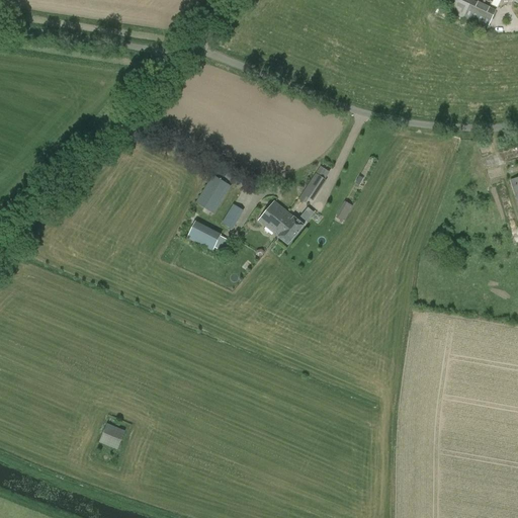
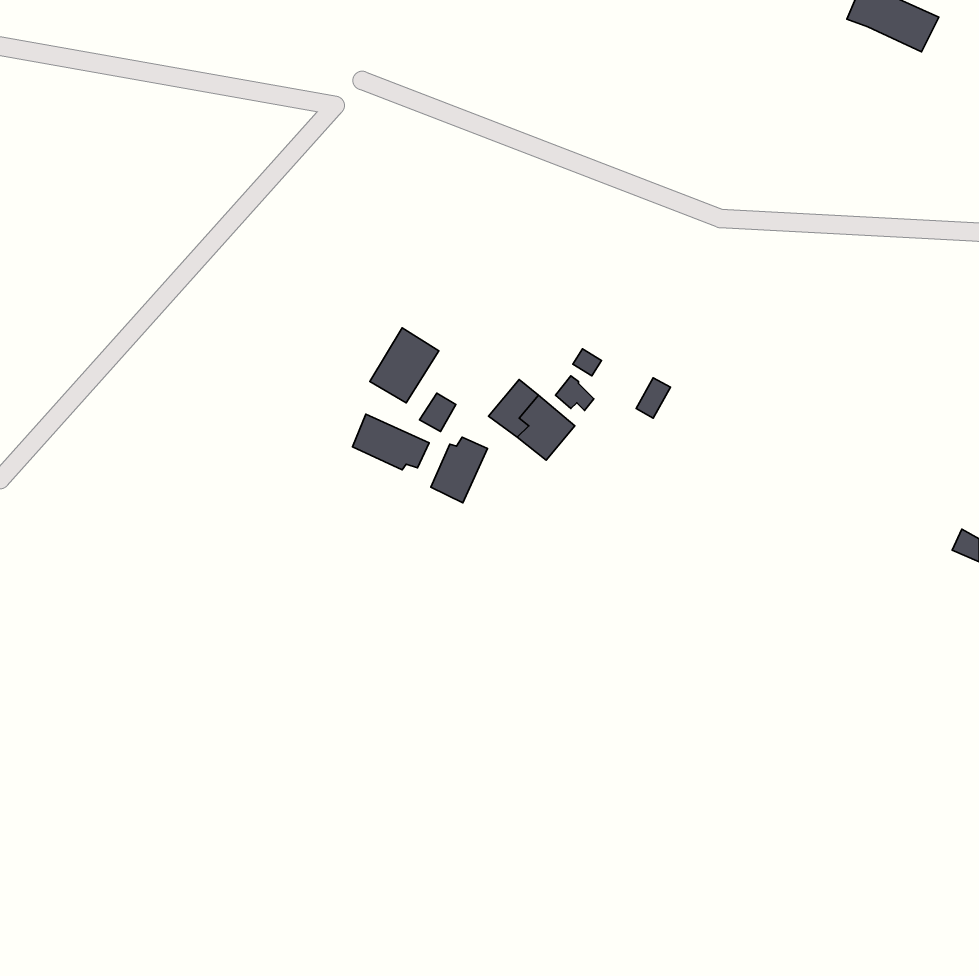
building: none -> [431,437,487,503]
building: [99,422,125,449] -> none

